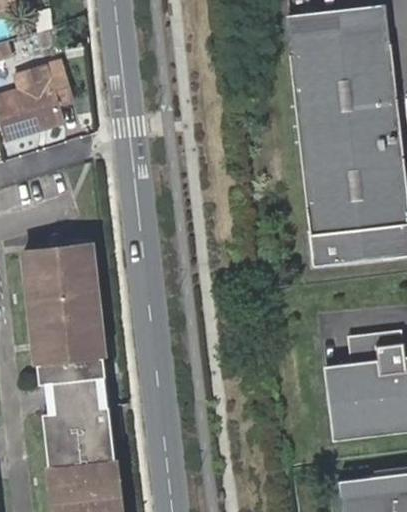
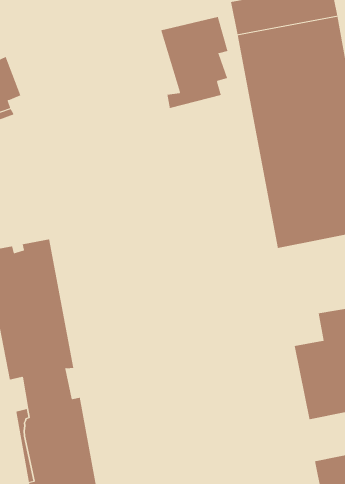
building: none -> [161,16,228,109]

